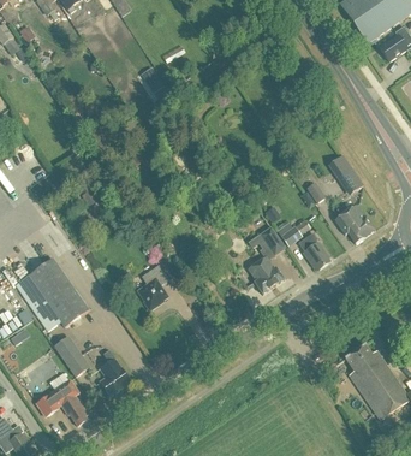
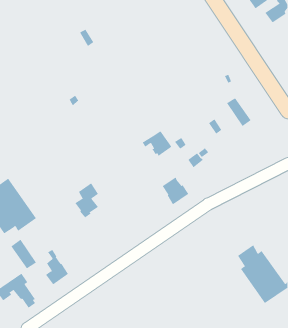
building: [334,205,374,243] -> none
building: [246,226,285,260] -> [142,130,172,157]
building: [297,232,327,268] -> none

